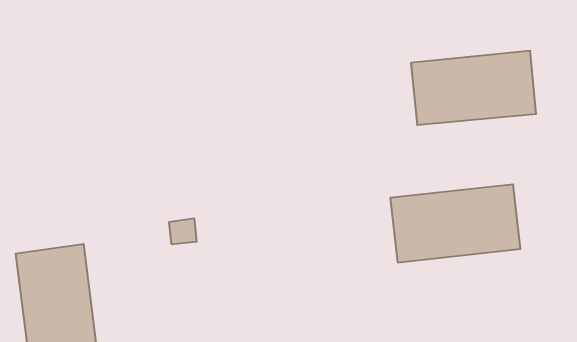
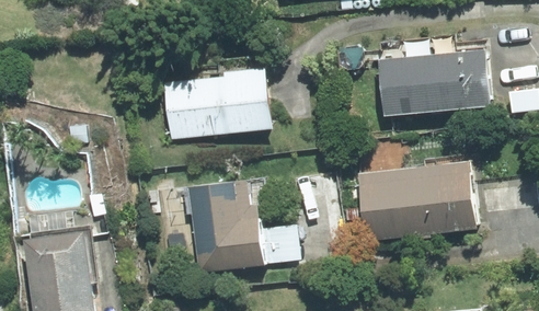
building: none -> [165,67,272,138]
building: none -> [191,178,266,273]

